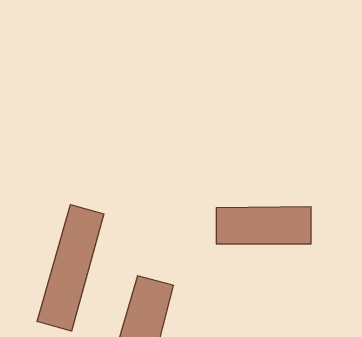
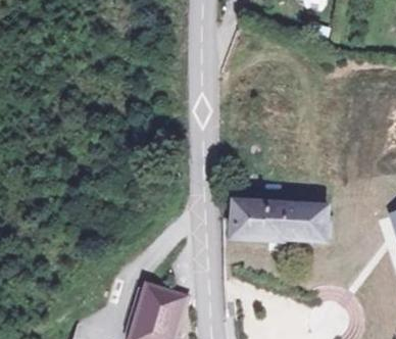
building: [37,205,104,331] -> none

